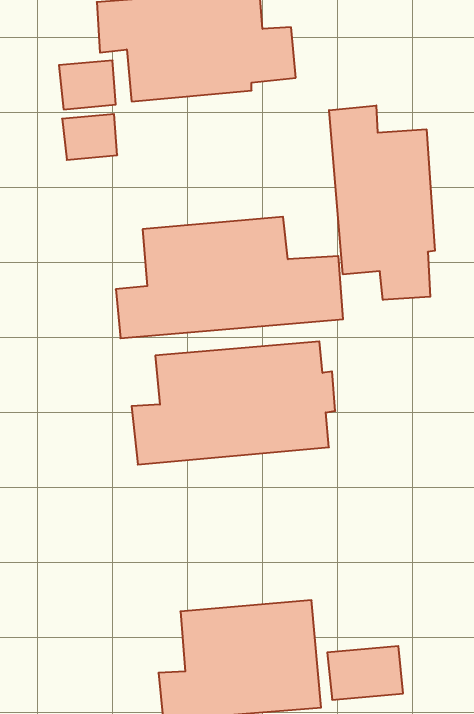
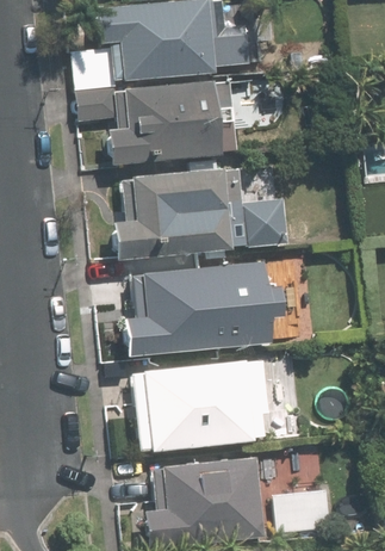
building: none -> [111,82,226,163]
building: [329,105,435,300] -> none
building: none -> [144,363,257,451]

